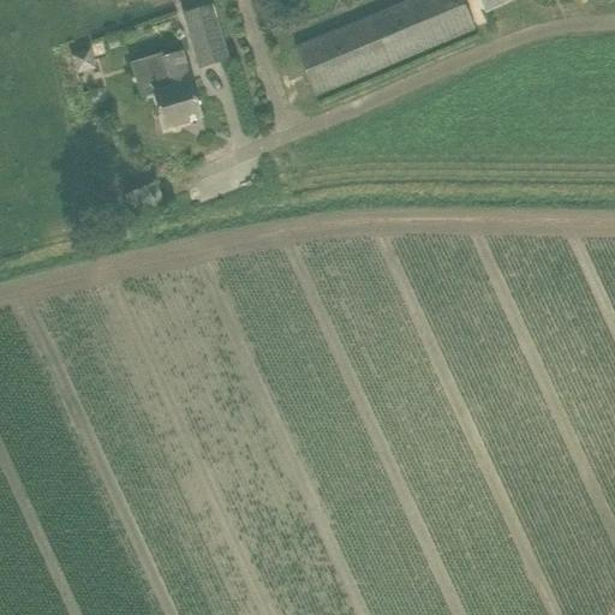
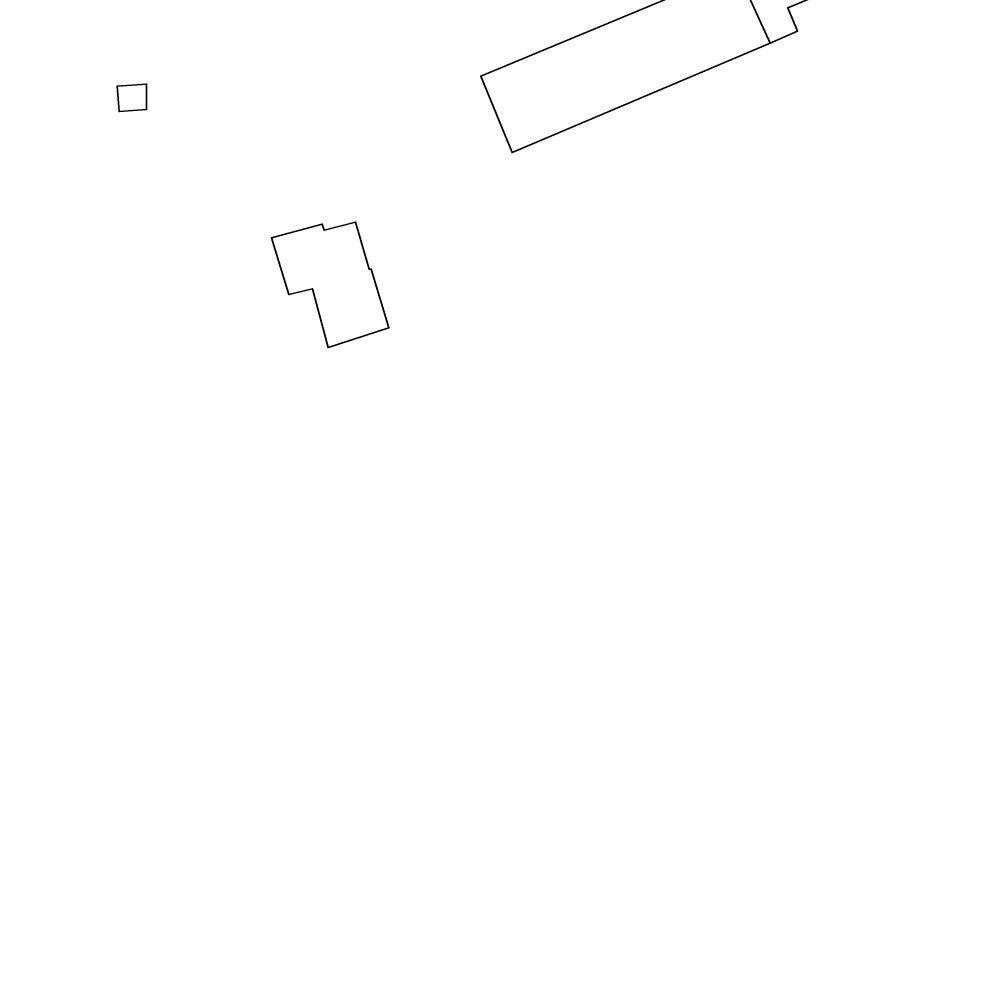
building: [184,5,227,66] -> none
building: [130,52,202,129] -> [271,222,389,347]

